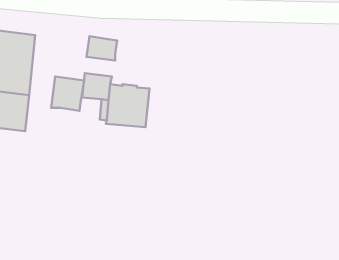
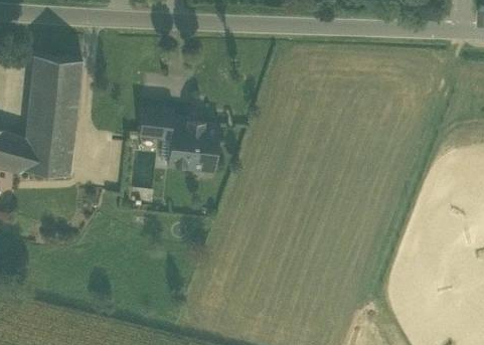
building: [86,36,117,60] -> none
building: [51,76,84,111] -> none

